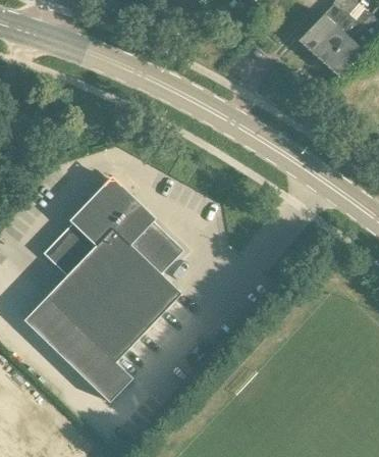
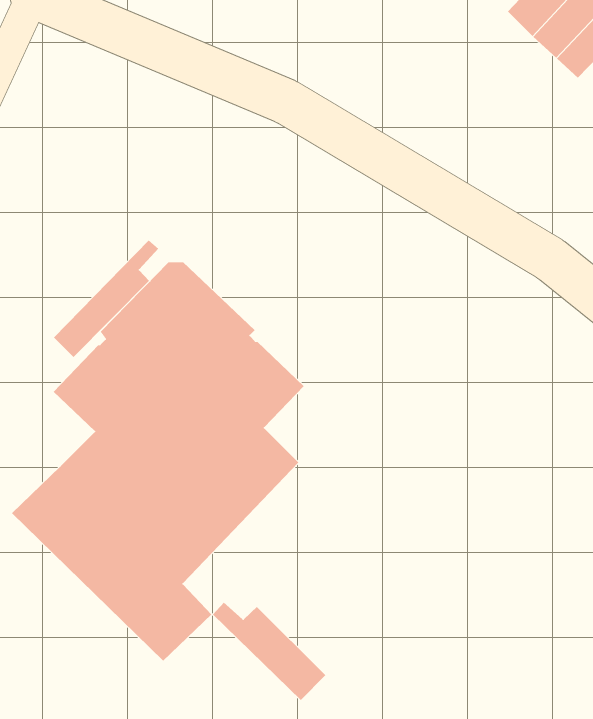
building: none -> [53,239,159,358]
building: none -> [212,602,326,701]

